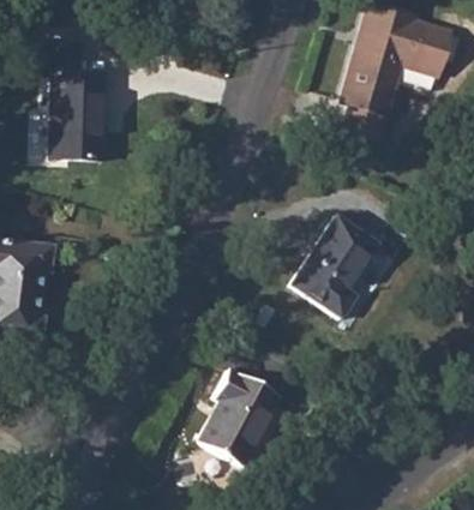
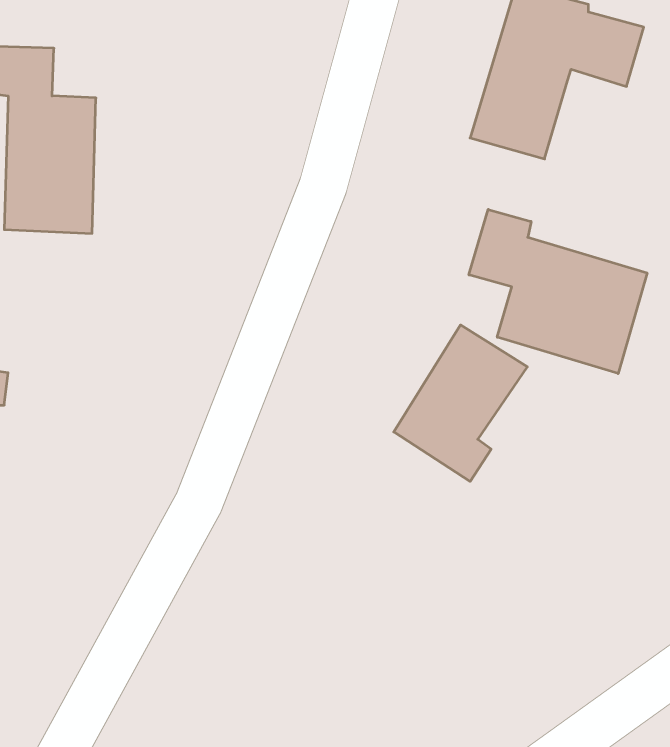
building: none -> [469,209,647,374]
building: [198,370,278,466] -> none

